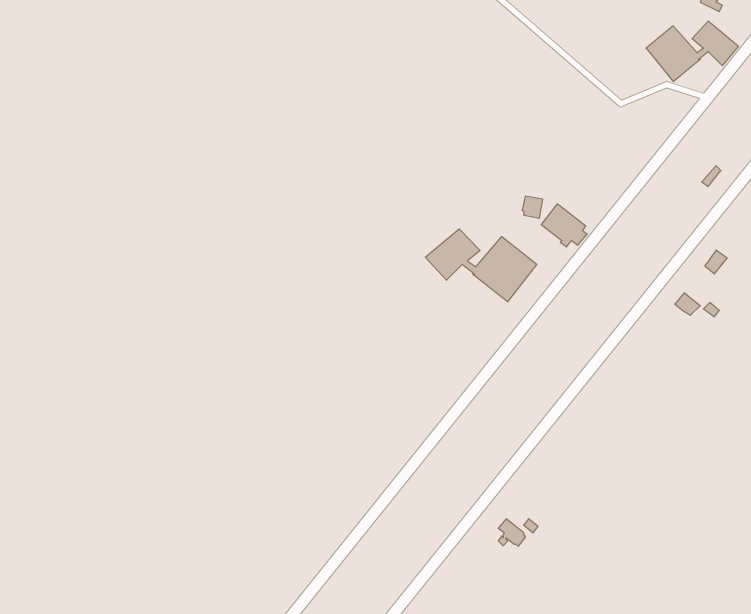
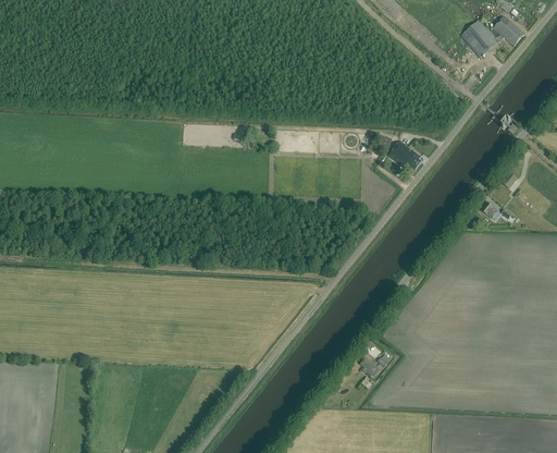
building: [425,229,537,302] -> none

